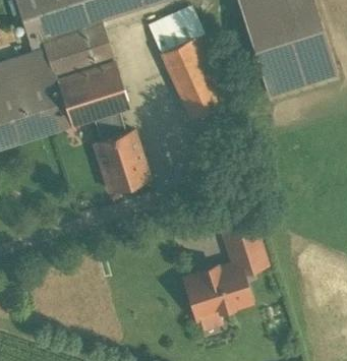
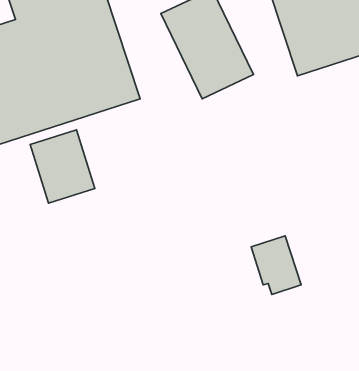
building: [97,131,151,192] -> [30,130,95,203]
building: [187,264,252,318] -> none

